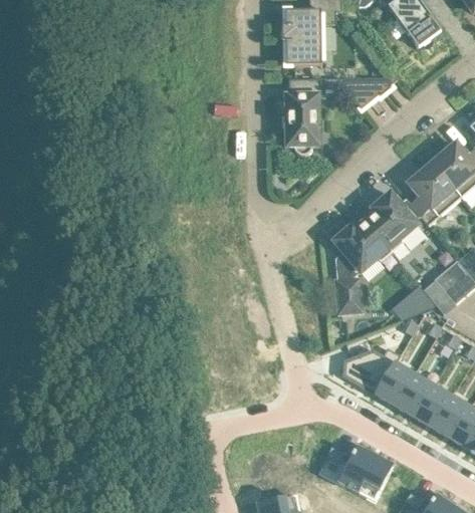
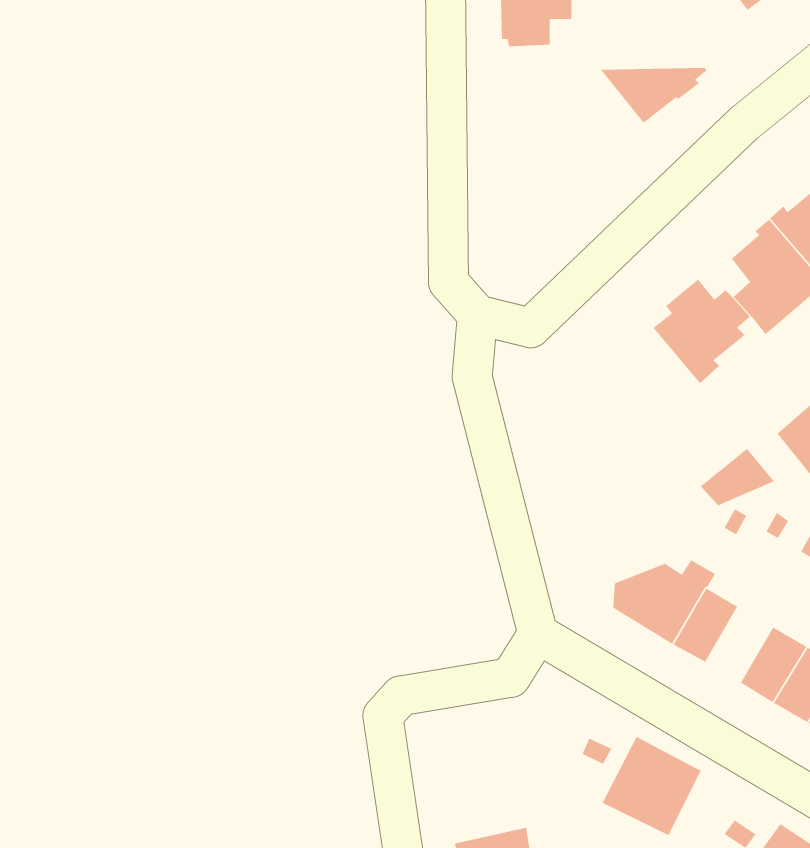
building: [284,77,324,154] -> none
building: [334,220,392,311] -> none
building: [395,373,432,416] -> none

